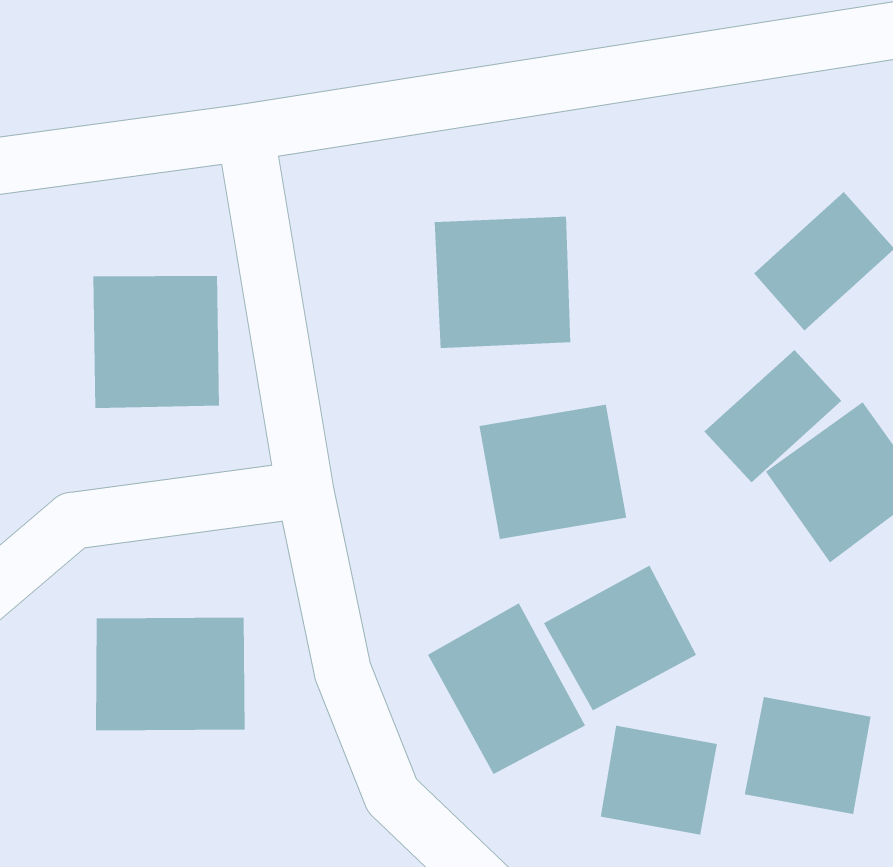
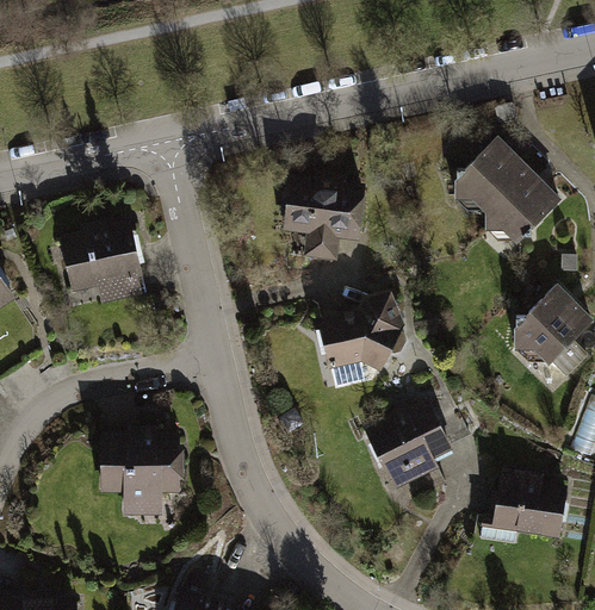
building: [704,349,842,483] -> [447,127,531,211]
building: [427,602,586,775] -> none
building: [600,725,718,836] -> none

